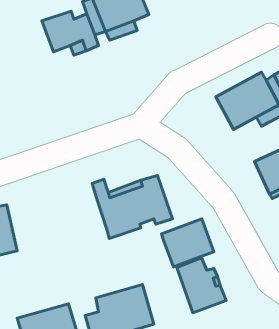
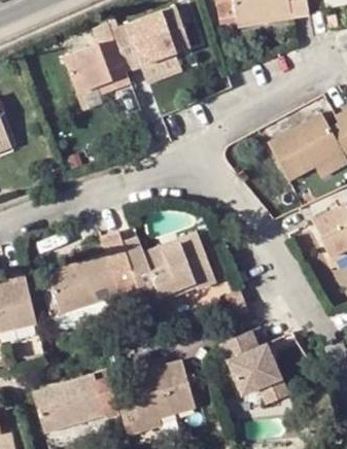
building: none -> [50,232,140,312]
building: [161,219,214,267] -> none

